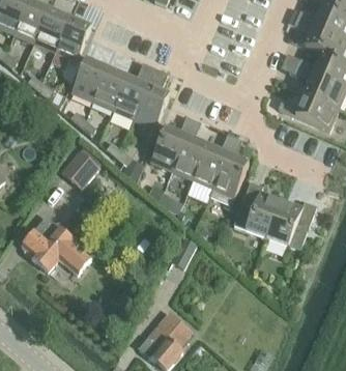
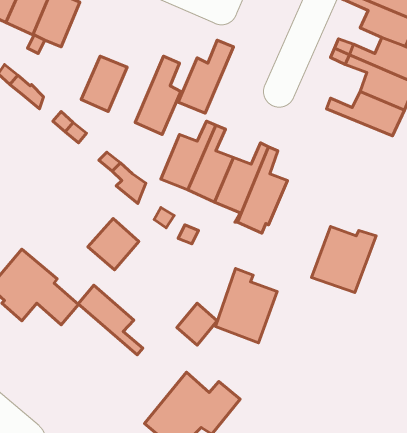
building: [70,58,106,101] -> none
building: [112,62,154,118] -> [178,40,233,113]
building: [59,148,98,188] -> [88,219,139,270]
building: [235,180,283,237] -> [215,268,277,343]
building: none -> [78,285,143,355]

